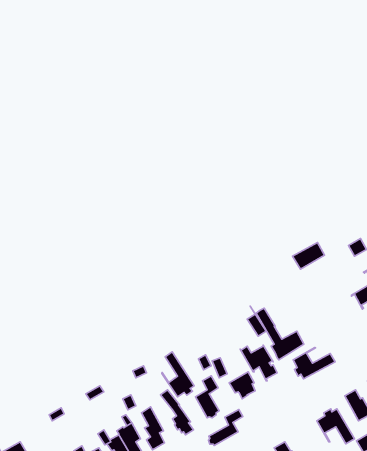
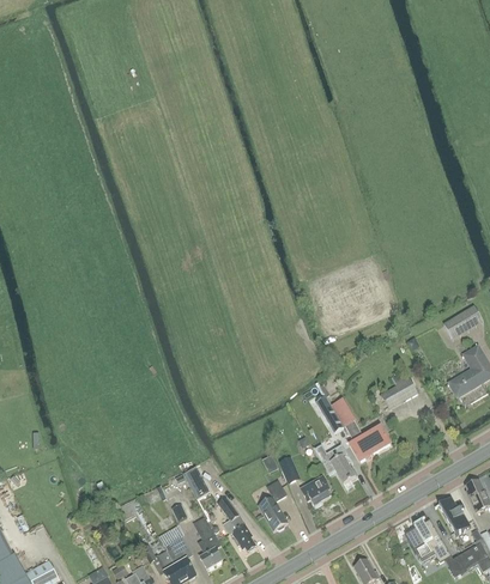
building: [293,242,324,269] -> [380,376,418,408]
building: [293,347,335,379] -> none
building: [162,352,194,397] -> none
building: [209,409,243,446] -> none

